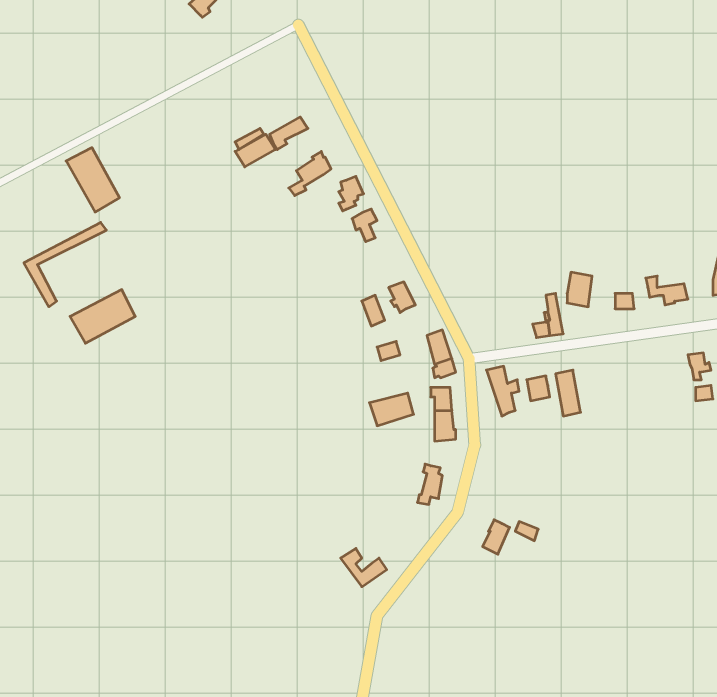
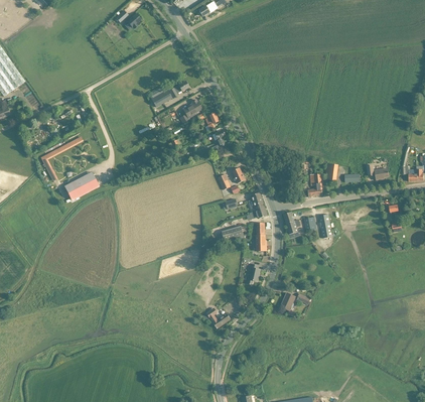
building: [66,148,119,212] -> none

